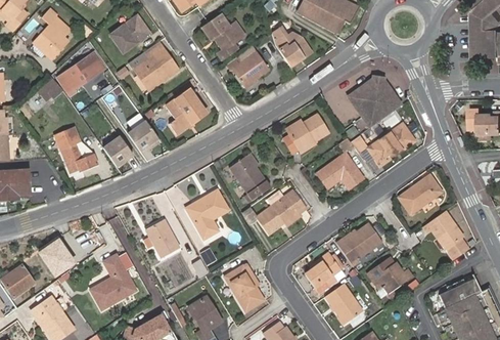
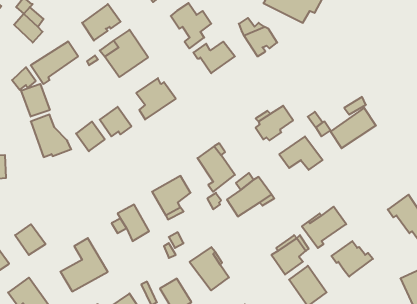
building: [347,75,400,125] -> none
building: none -> [21,84,50,117]
building: [402,177,446,218] -> none

